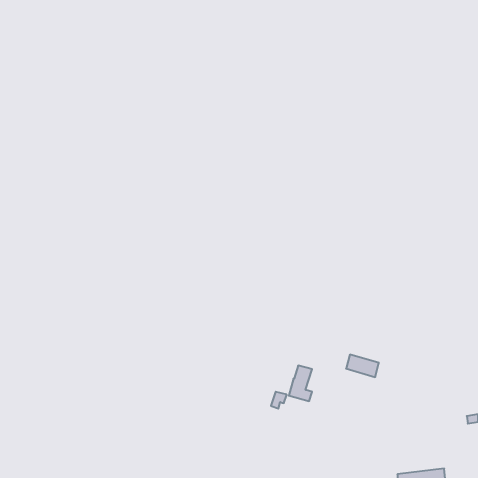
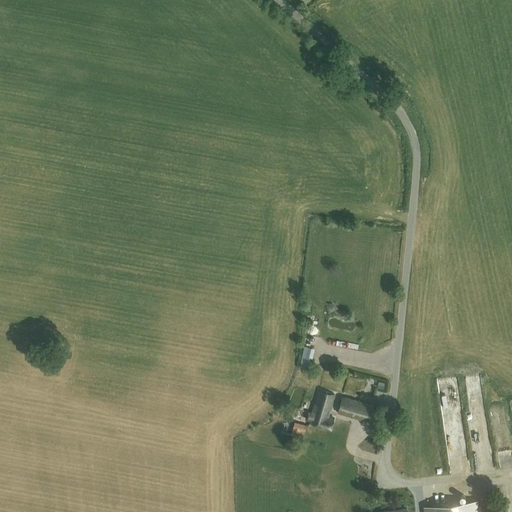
building: [346,355,379,377] -> [337,397,372,421]

